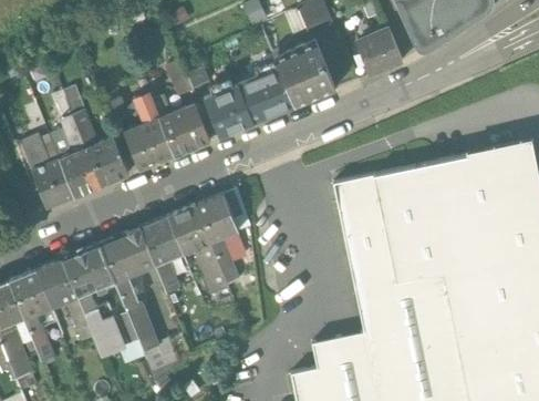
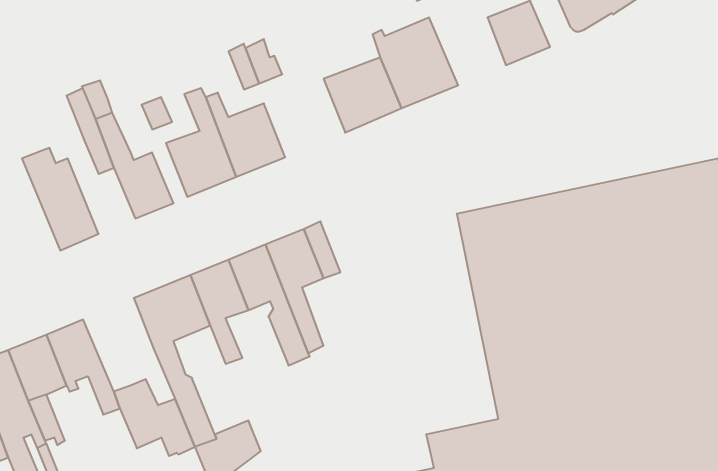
building: [201,85,253,137] -> none
building: [51,131,102,197] -> none
building: [64,244,115,311] -> none

